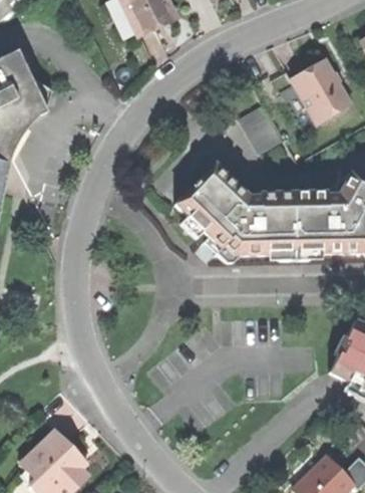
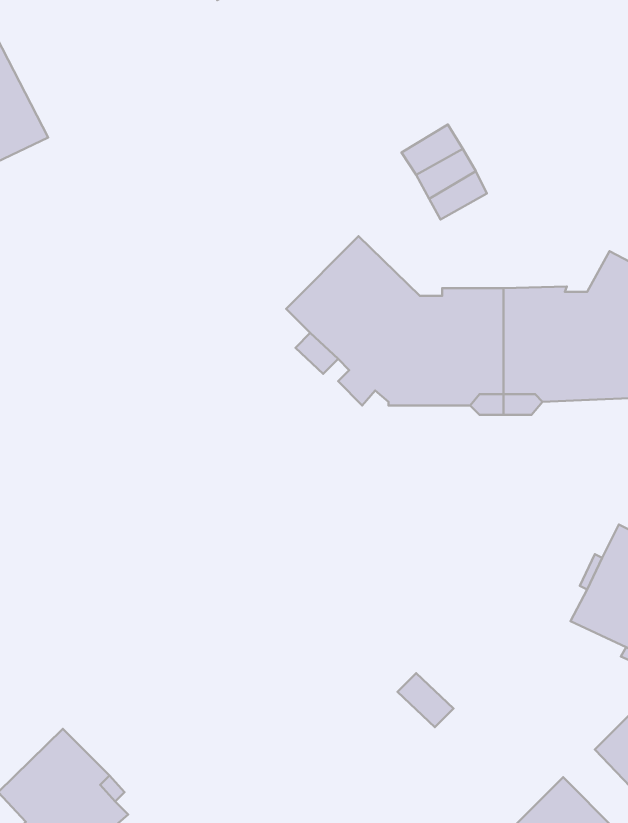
building: [292,59,351,124] -> none

